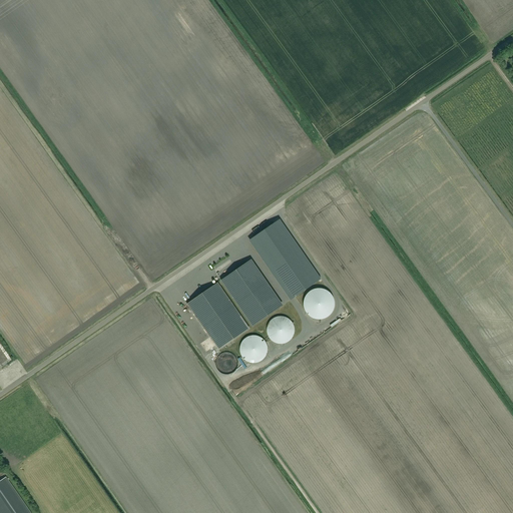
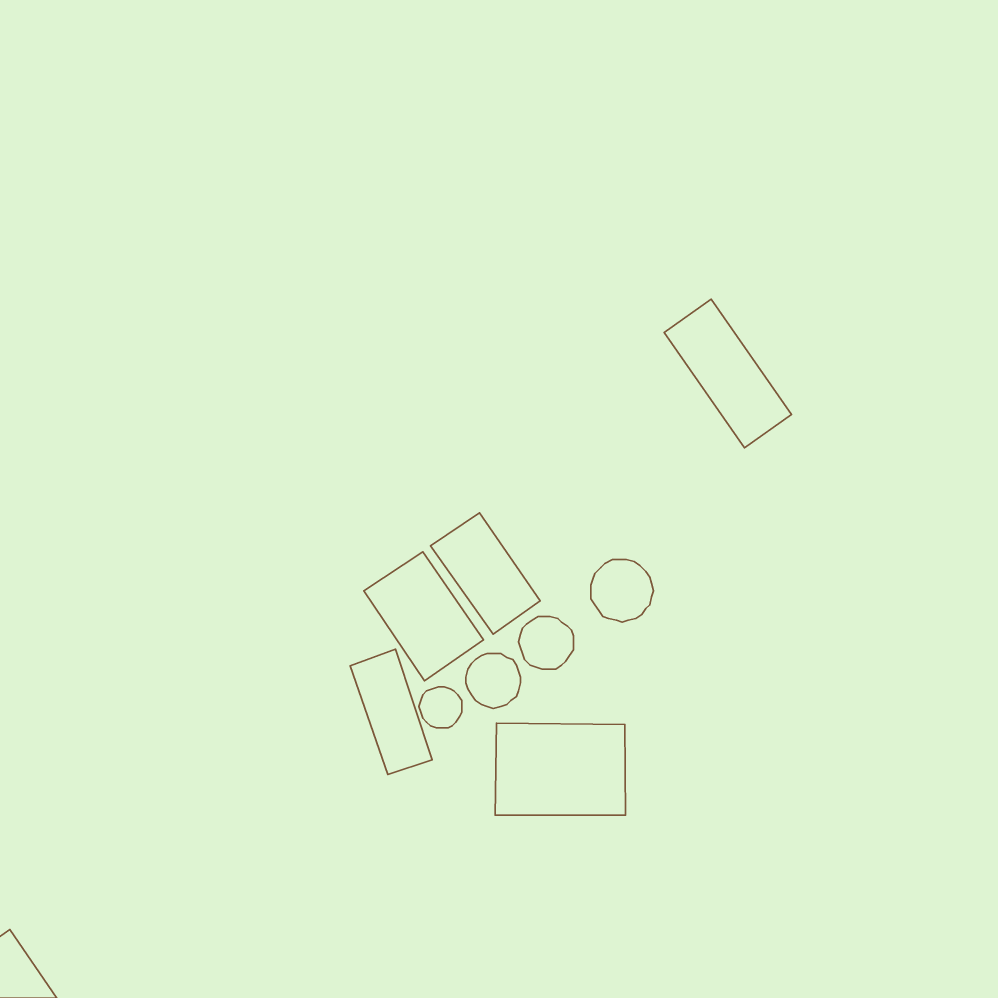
building: [253,219,319,296] -> [664,299,791,448]
building: none -> [350,649,432,775]
building: none -> [495,723,625,815]

